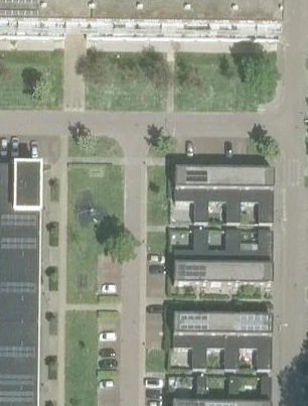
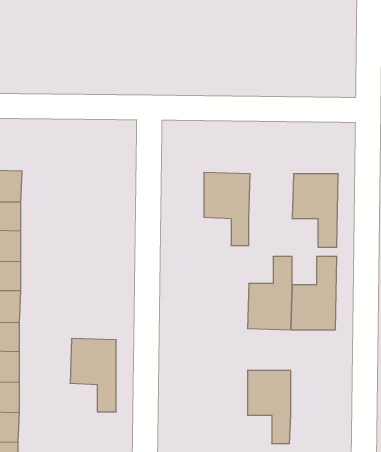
building: [207,166,241,220] -> none
building: [173,227,207,281] -> none
building: [172,311,206,366] -> [70,339,116,412]
building: [239,312,272,367] -> none

